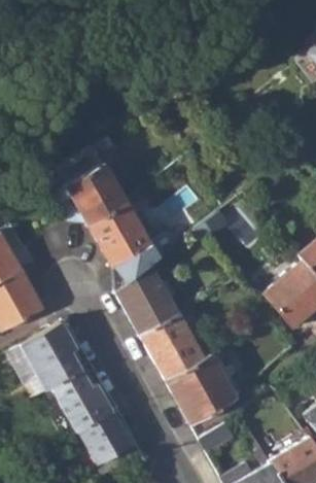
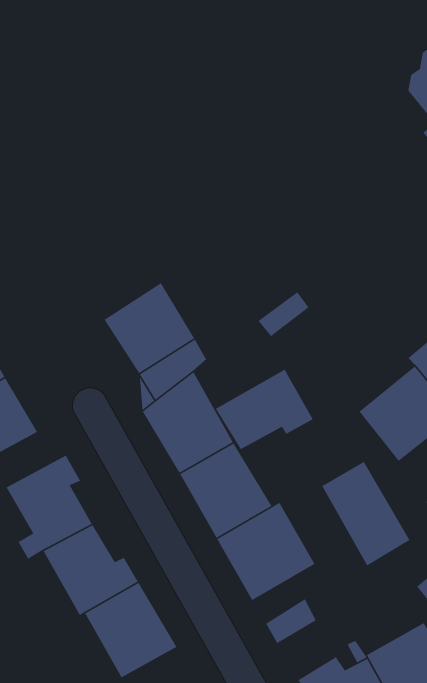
building: [64,163,129,228] -> none
building: none -> [215,368,314,450]
building: none -> [321,461,410,567]

